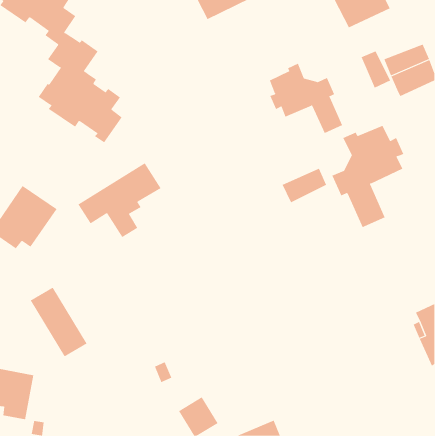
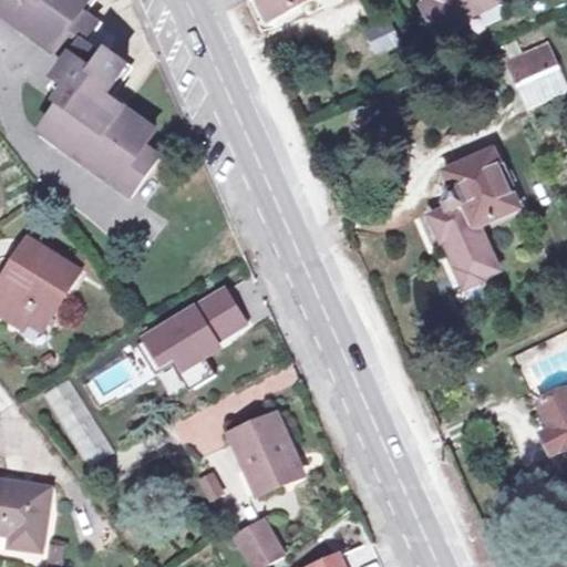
building: [361,50,391,88] -> none
building: [269,63,343,134] -> none
building: [77,163,161,238] -> [135,285,244,382]
building: [282,168,327,203] -> none
building: none -> [233,415,299,492]

